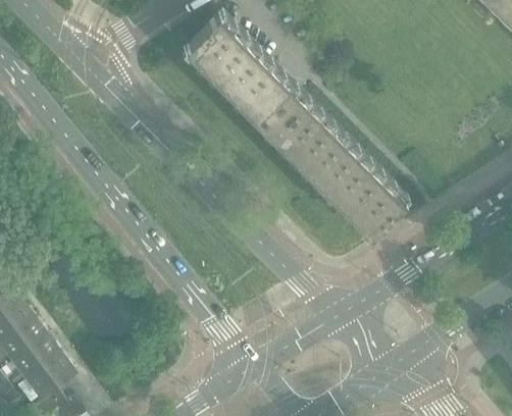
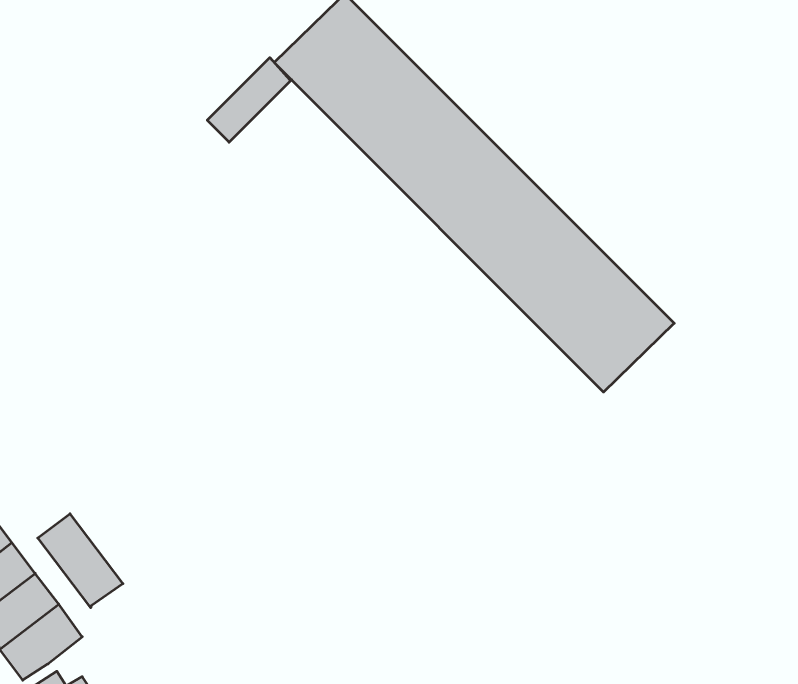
building: none -> [207,58,292,142]
building: none -> [38,514,123,608]

